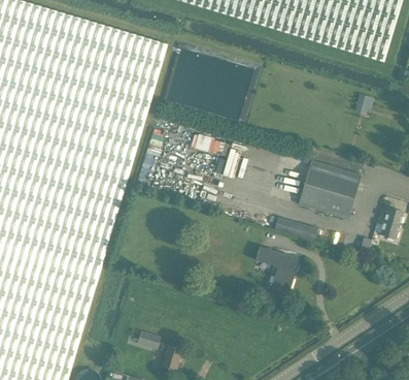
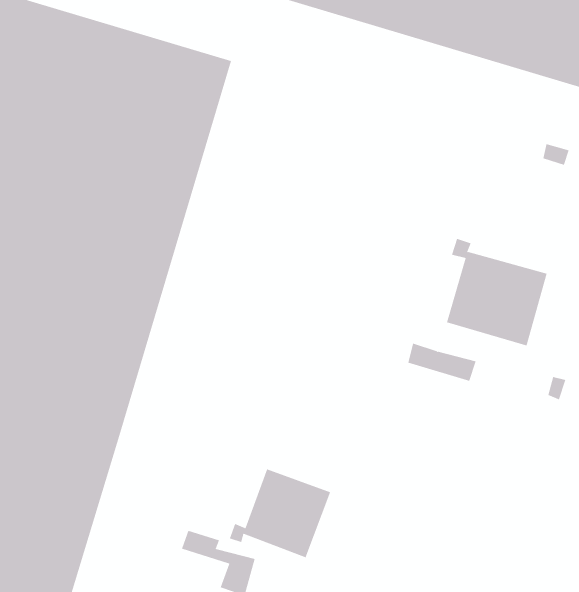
building: [253,247,294,297] -> none
building: none -> [229,468,331,558]

